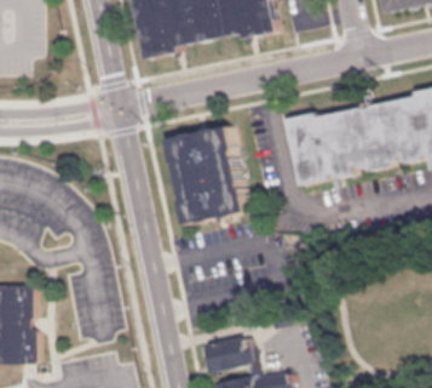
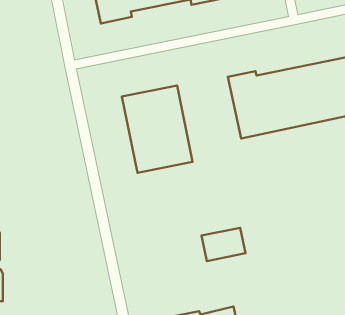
building: [202,337,250,373] -> [201,228,246,261]

